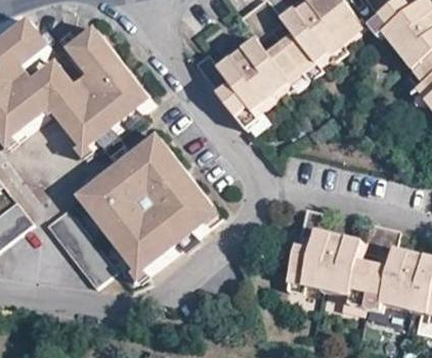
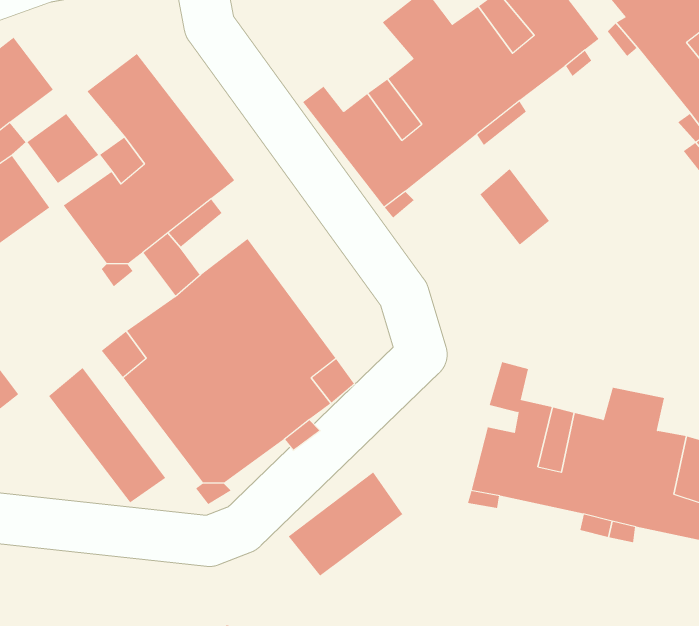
building: none -> [480,168,550,245]
building: none -> [288,471,403,577]

